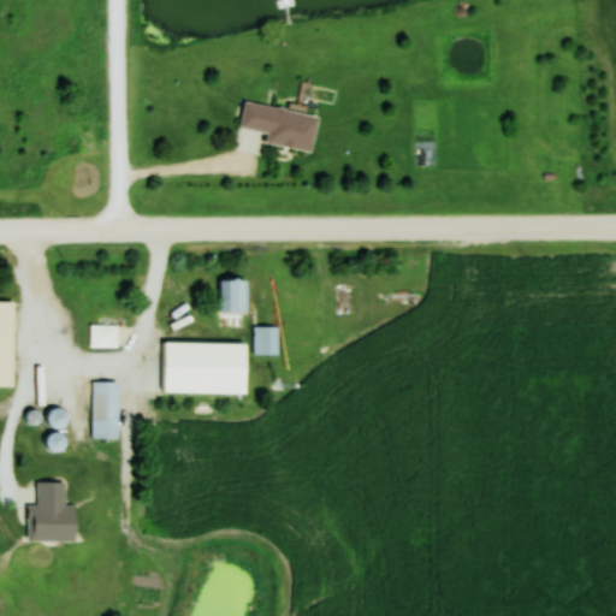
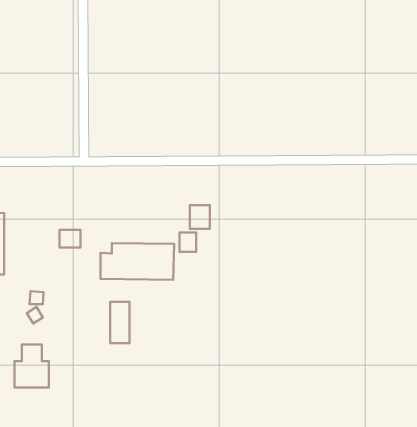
building: [241,101,320,152] -> none
building: [220,279,248,312] -> [190,205,210,229]
building: [93,381,119,438] -> [110,302,130,343]

